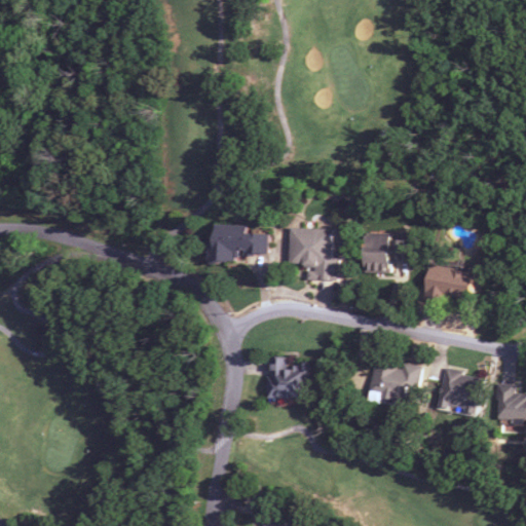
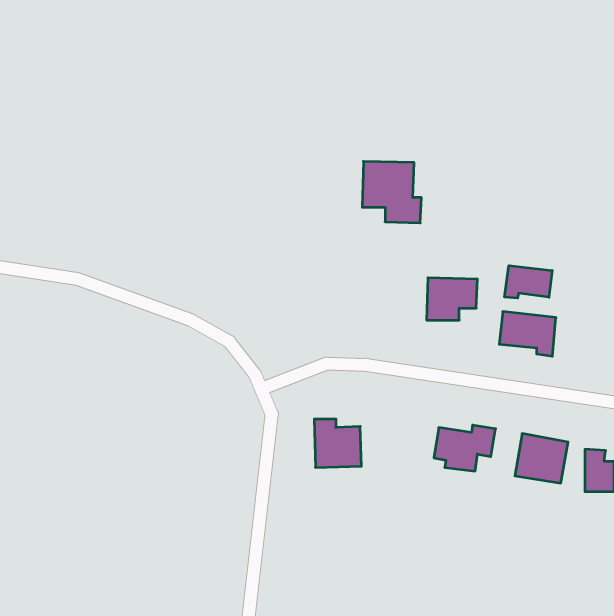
building: [206,224,266,262] -> none
building: none -> [505,266,552,298]
building: [287,227,337,279] -> [362,161,421,223]

